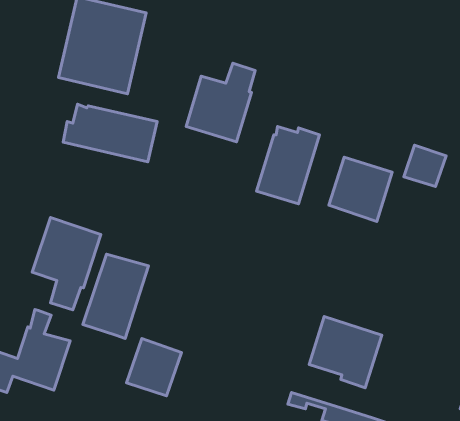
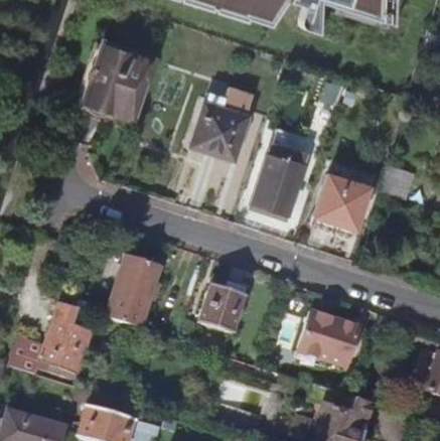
building: [63,104,157,162] -> none
building: [32,218,101,310] -> none
building: [127,338,182,396] -> [198,283,246,332]

